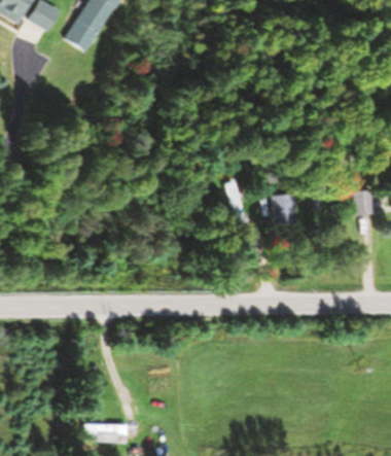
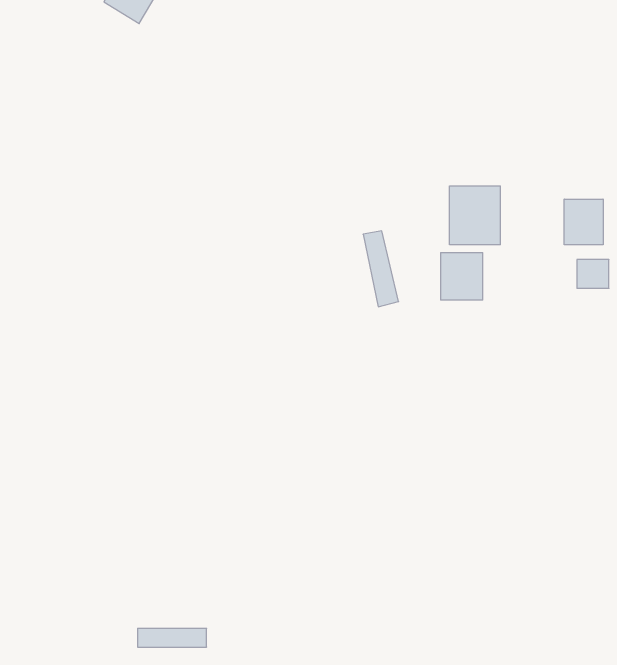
building: none -> [450,186,500,245]
building: none -> [564,199,603,245]

